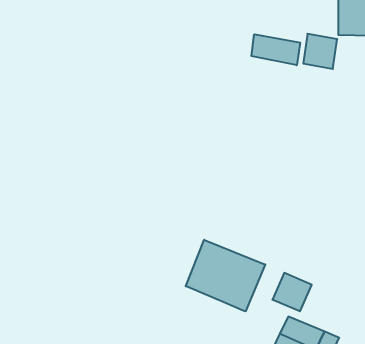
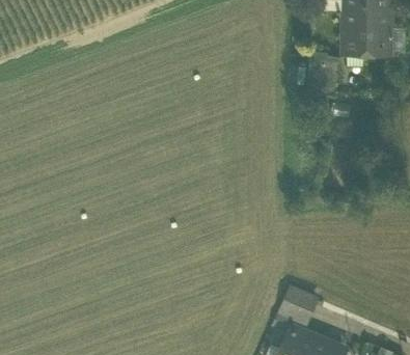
building: [251,34,300,65] -> none
building: [186,240,265,311] -> none

